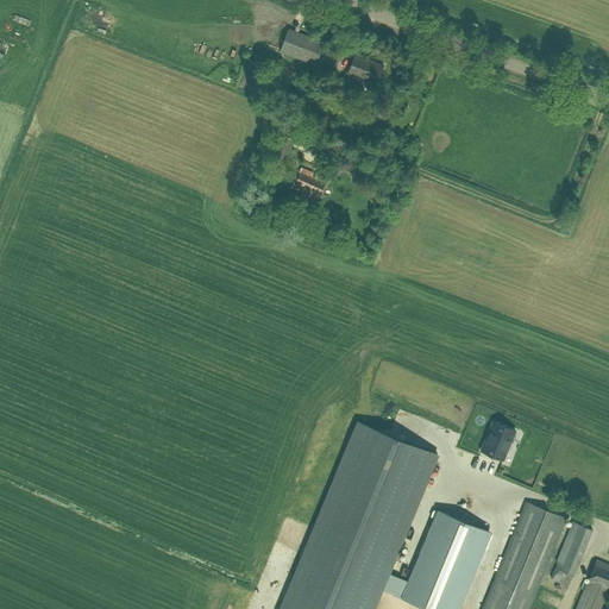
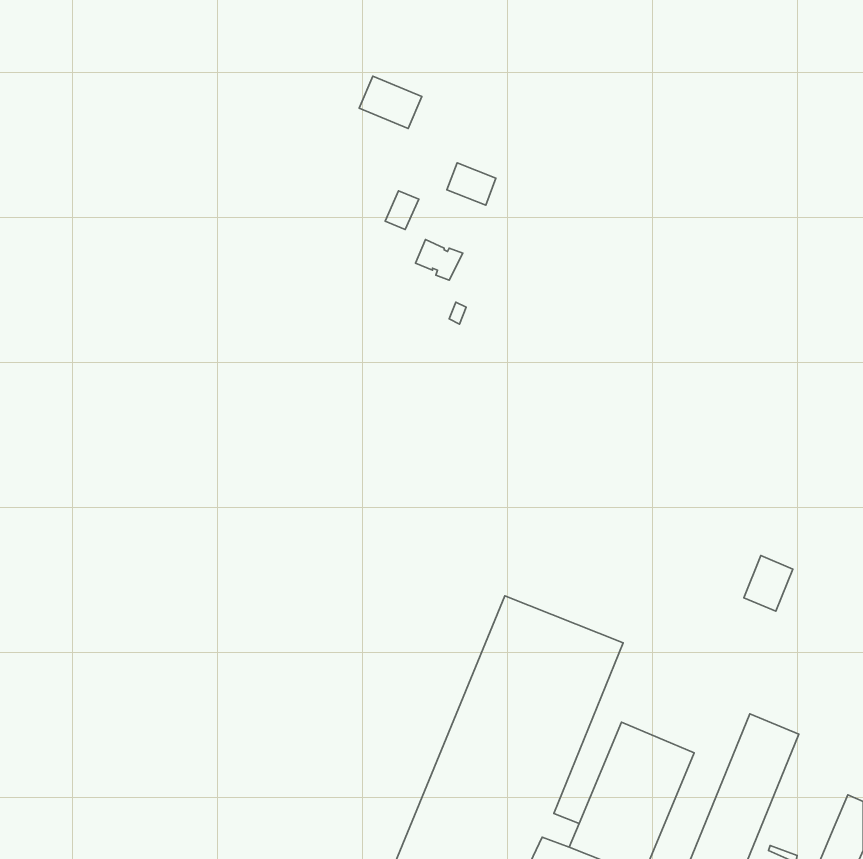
building: [280,30,324,67] -> [359,76,422,129]
building: [347,56,382,86] -> [447,163,496,205]
building: [479,421,514,460] -> [744,556,793,611]
building: [551,523,592,588] -> none

